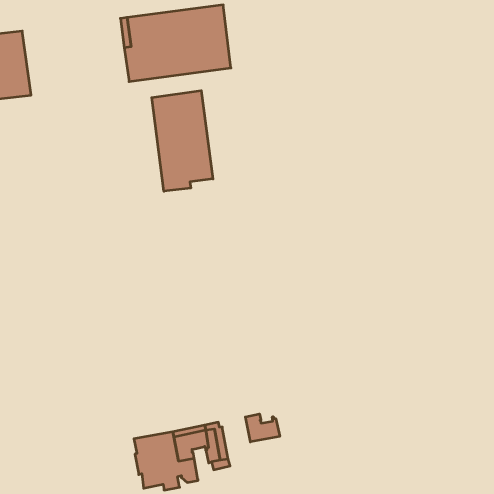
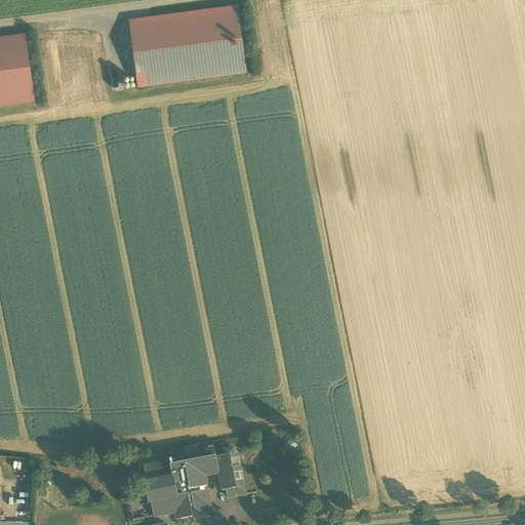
building: [152,91,213,191] -> none
building: [245,414,280,442] -> none

